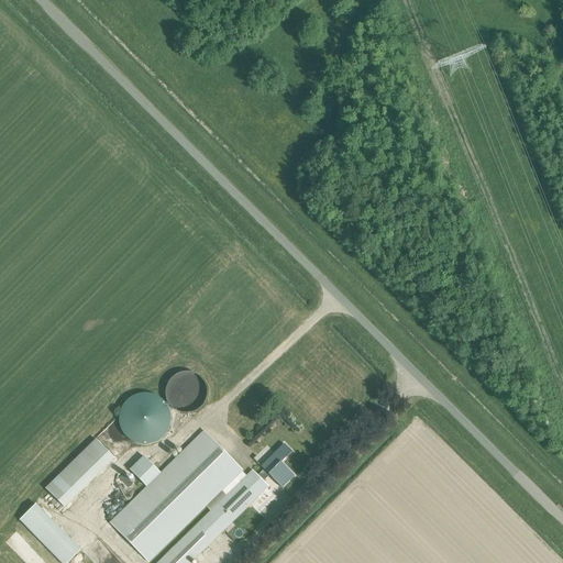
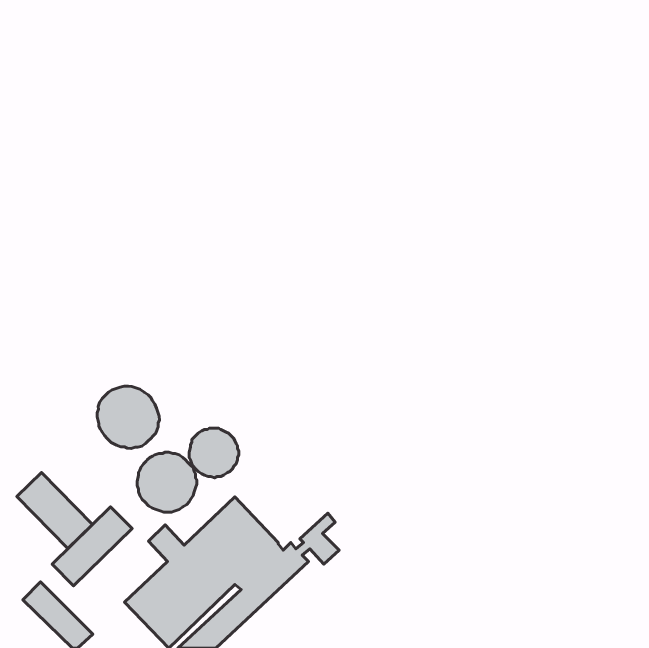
building: none -> [97,386,159,448]
building: none -> [17,472,93,548]

